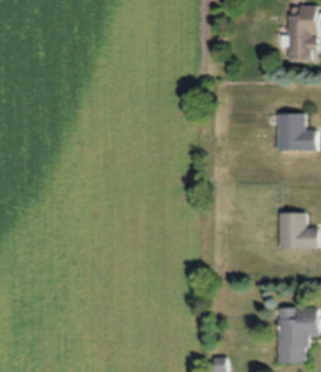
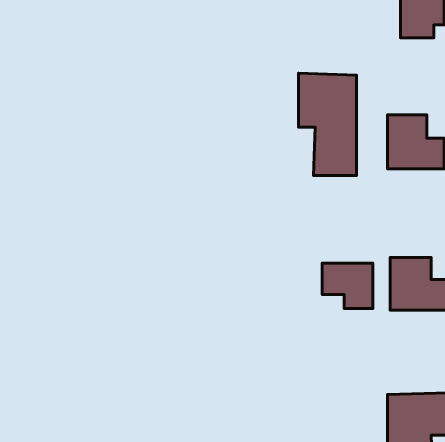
building: none -> [298,73,356,175]
building: none -> [322,263,373,308]

